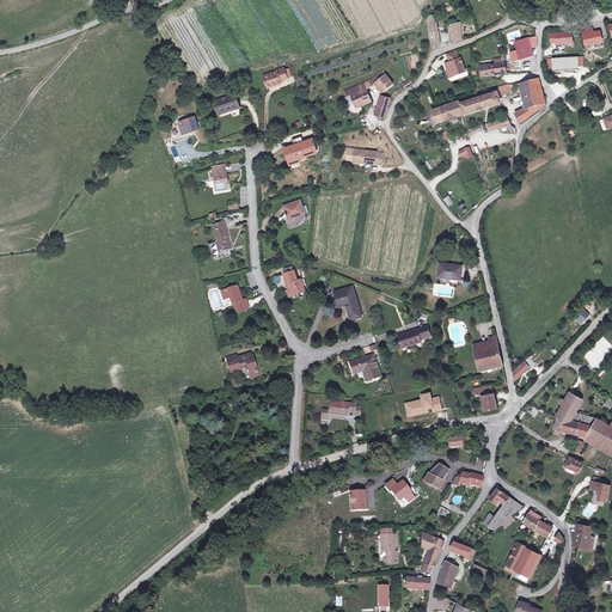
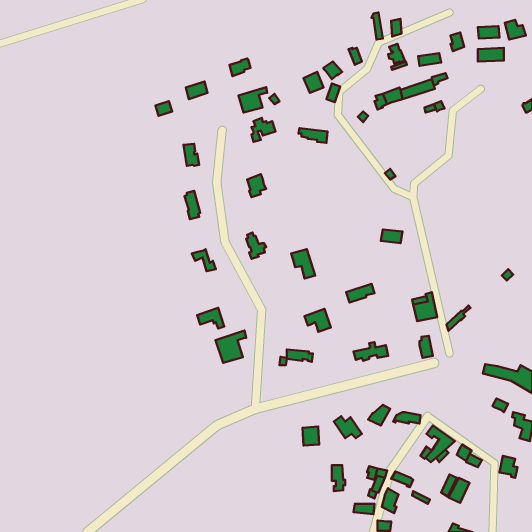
building: [515,76,544,123] -> none
building: none -> [239,87,267,112]
building: none -> [216,330,246,363]
building: [556,392,596,426] -> none

